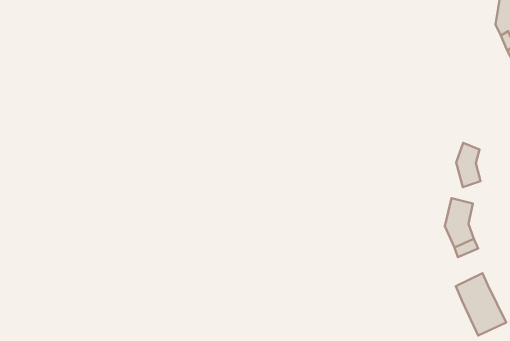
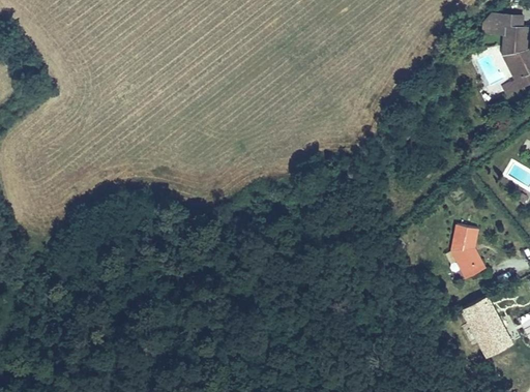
building: [456,143,480,187] -> none

